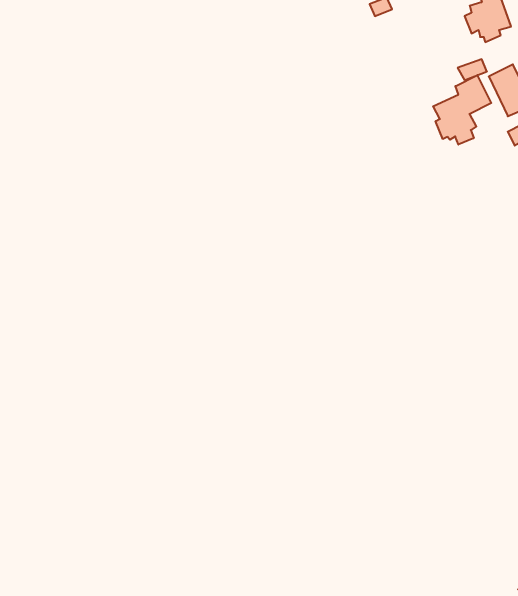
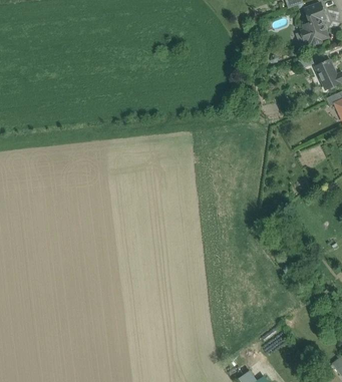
building: [433,75,491,145] -> none

